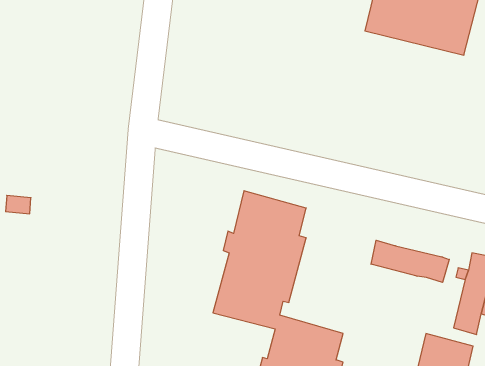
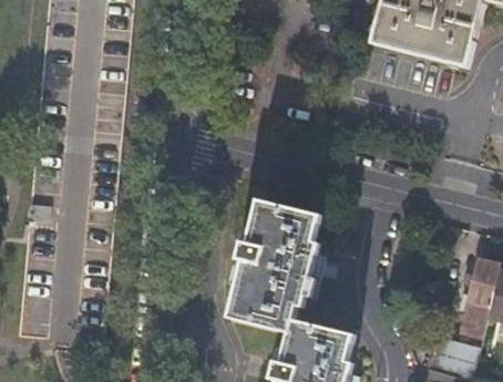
building: [371,240,449,282] -> none

